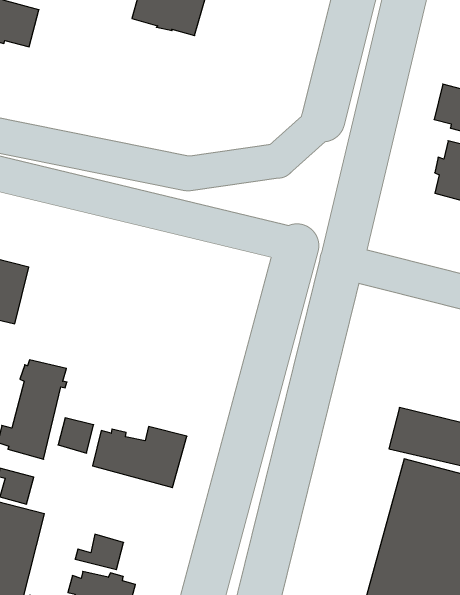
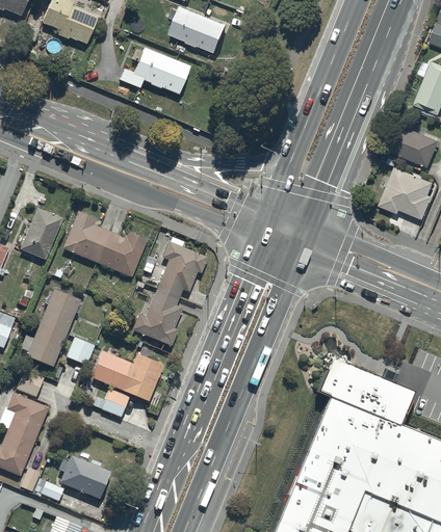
building: none -> [119,54,190,101]
building: none -> [64,210,148,276]
building: none -> [133,236,209,345]
building: [75,534,124,570] -> [92,388,130,417]

